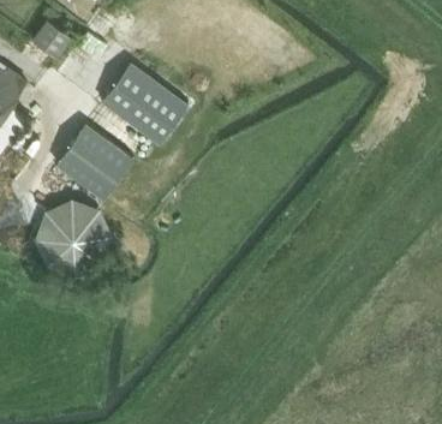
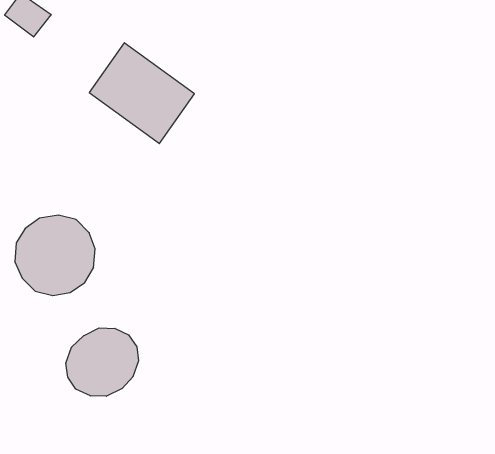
building: [56,126,129,198] -> none
building: none -> [66,328,139,396]

